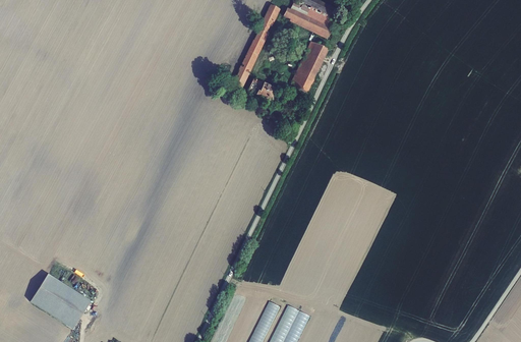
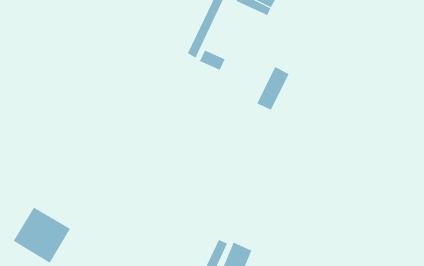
building: [289,41,328,93] -> [256,66,289,111]

